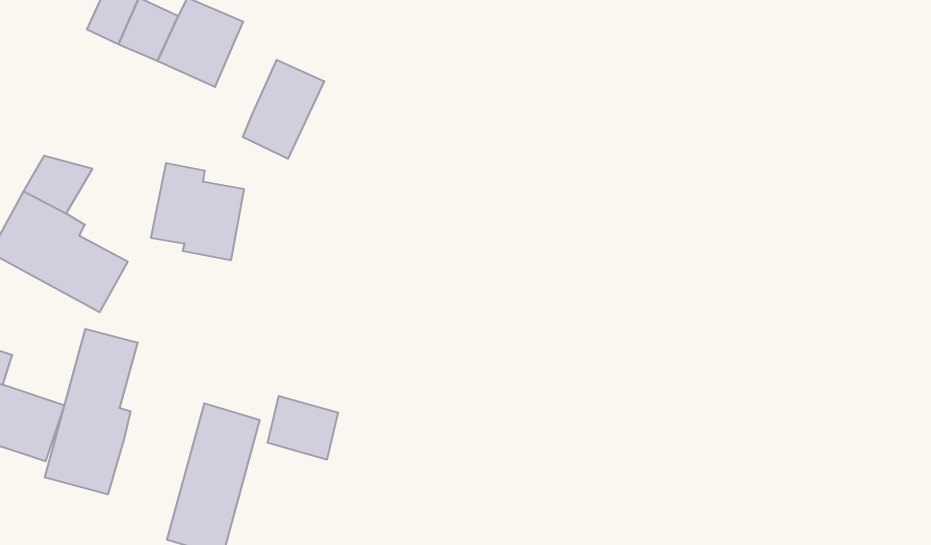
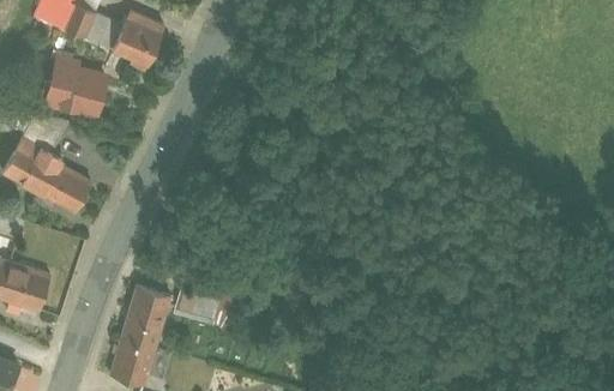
building: [243,60,324,159] -> none
building: [151,163,244,260] -> [44,59,104,121]
building: [45,329,138,494] -> none

